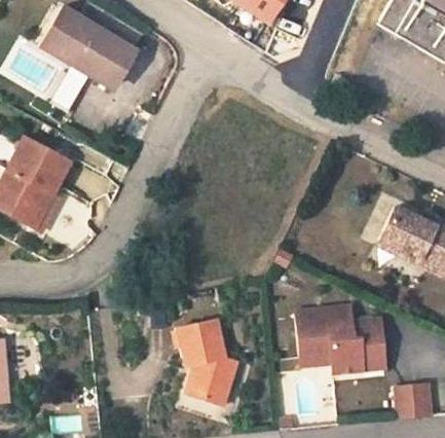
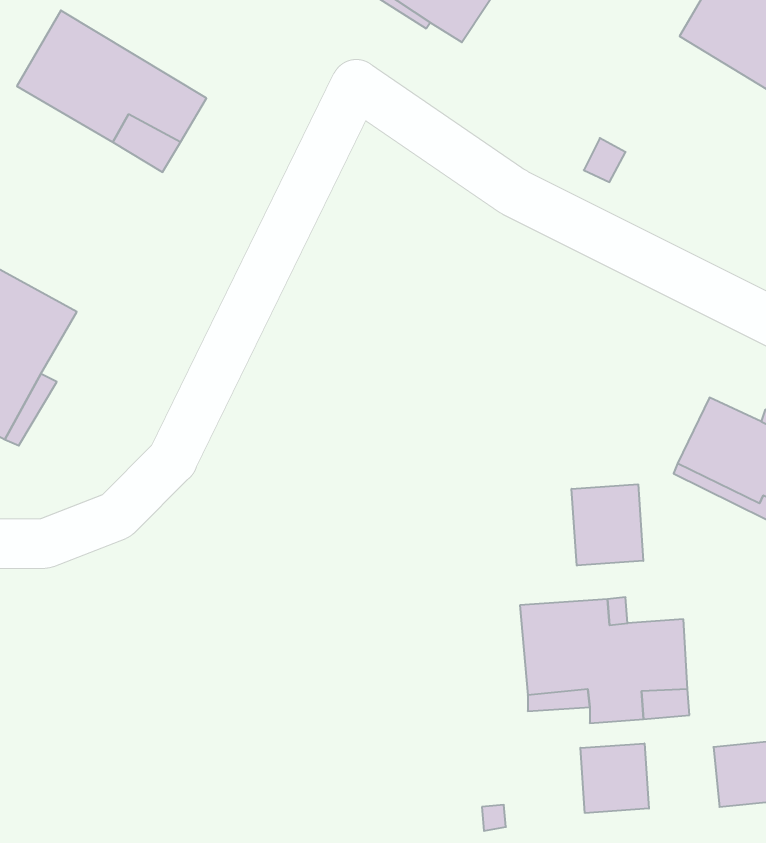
building: none -> [572,484,643,566]
building: [177,318,237,404] -> none
building: none -> [580,743,649,813]

